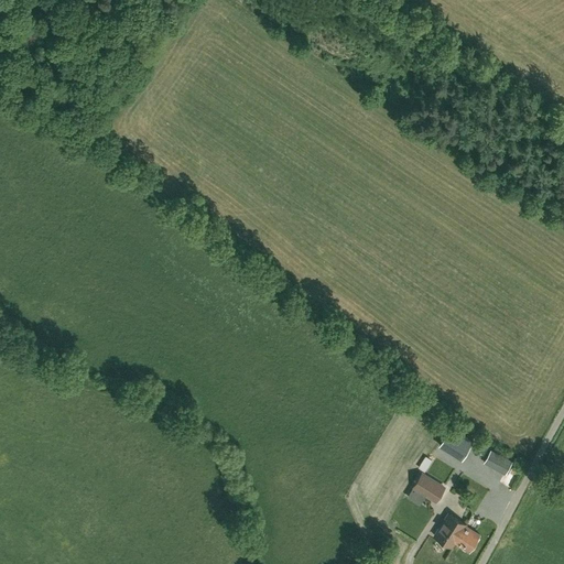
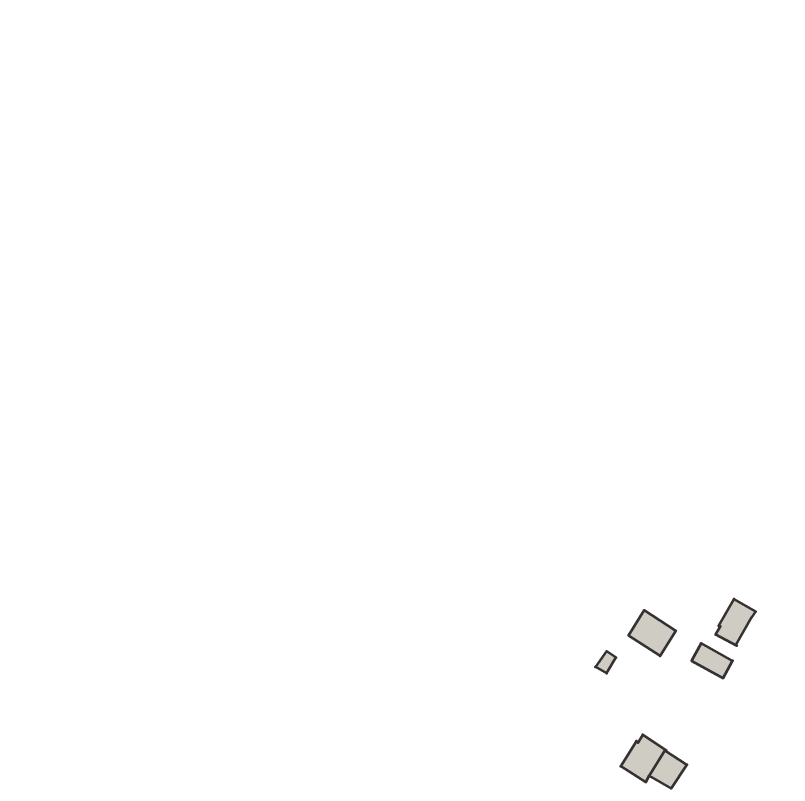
building: none -> [716,599,756,646]
building: [413,476,444,503] -> none

